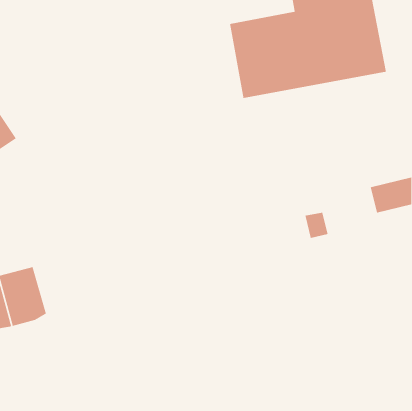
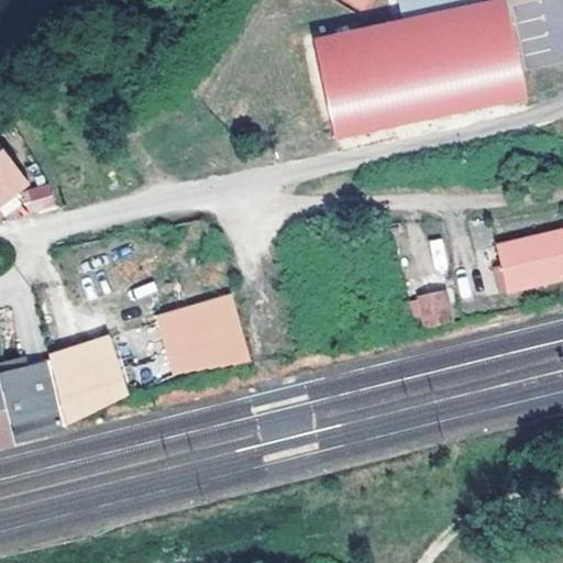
building: none -> [155,287,252,372]
building: none -> [45,335,132,427]

